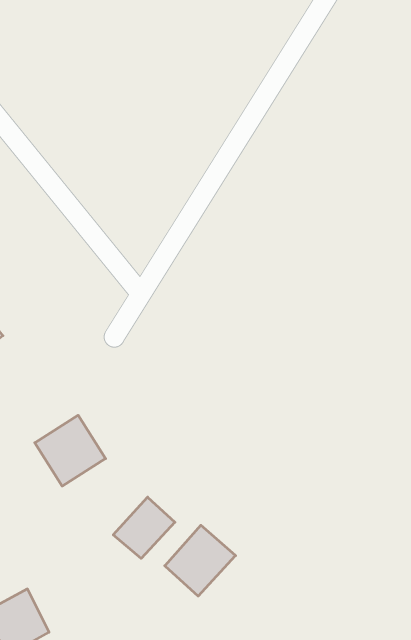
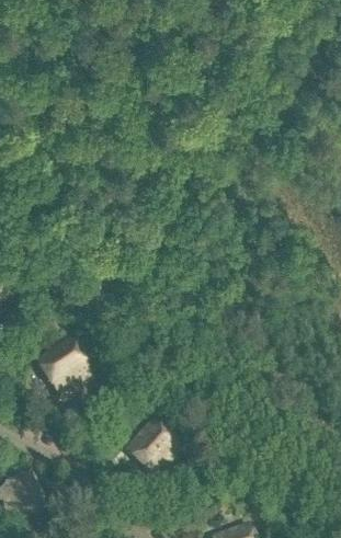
building: [113,497,175,558] -> none

